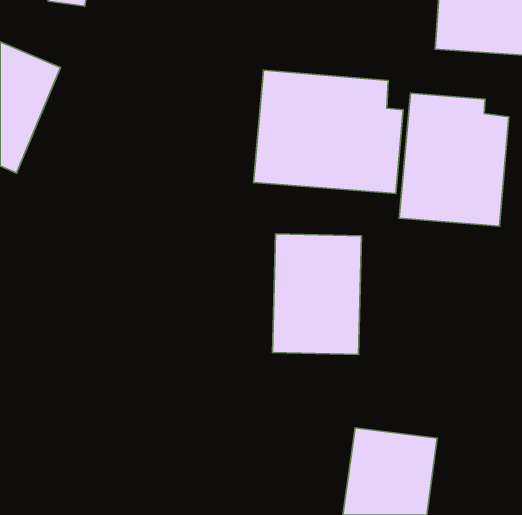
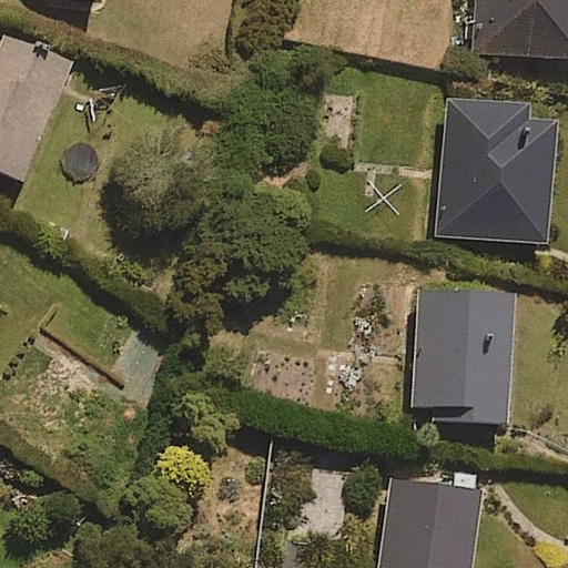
building: [254,70,403,194] -> none
building: [273,234,362,355] -> [417,288,514,419]

